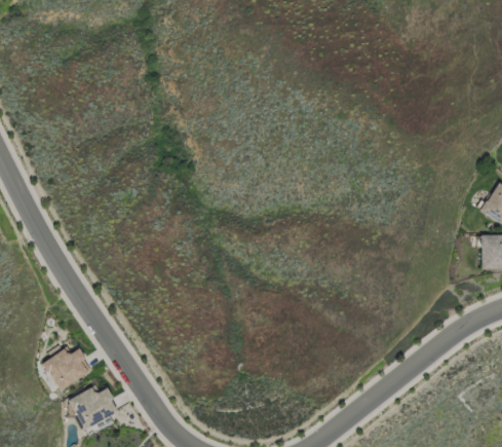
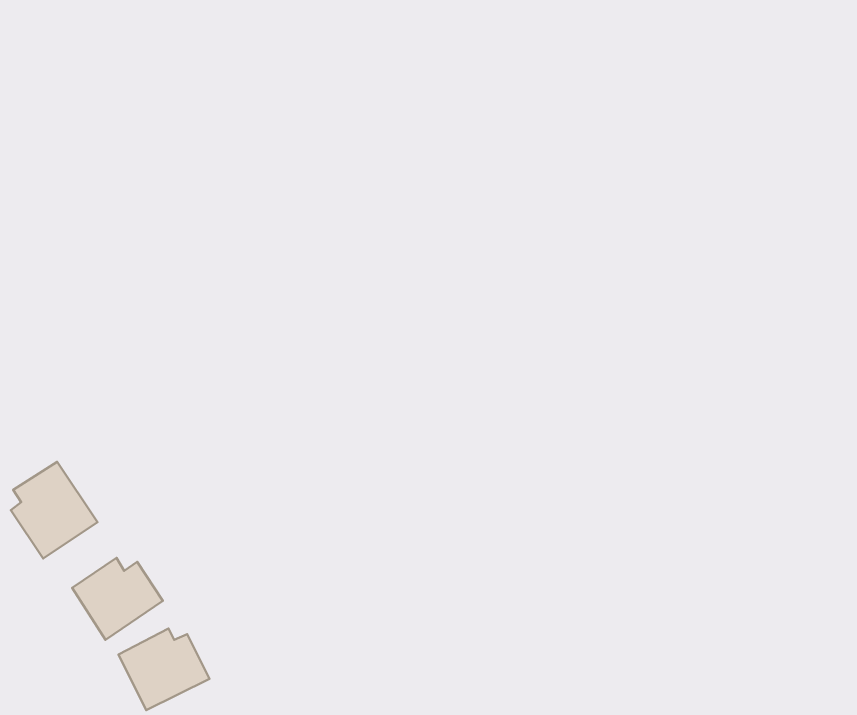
building: none -> [11,462,97,559]

